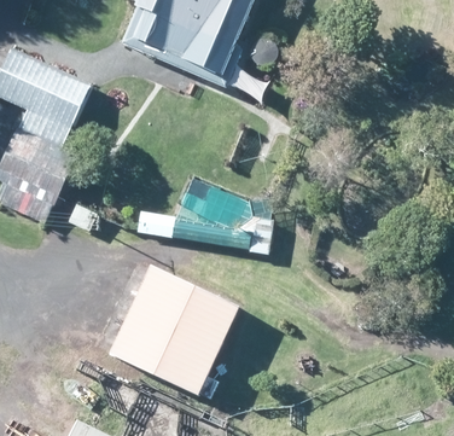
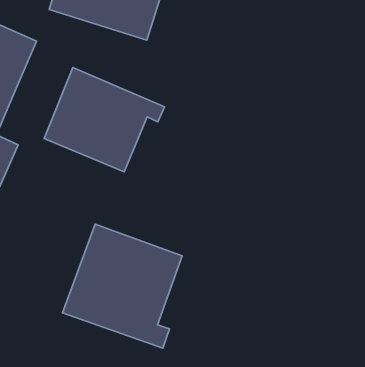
building: none -> [44,68,165,172]

